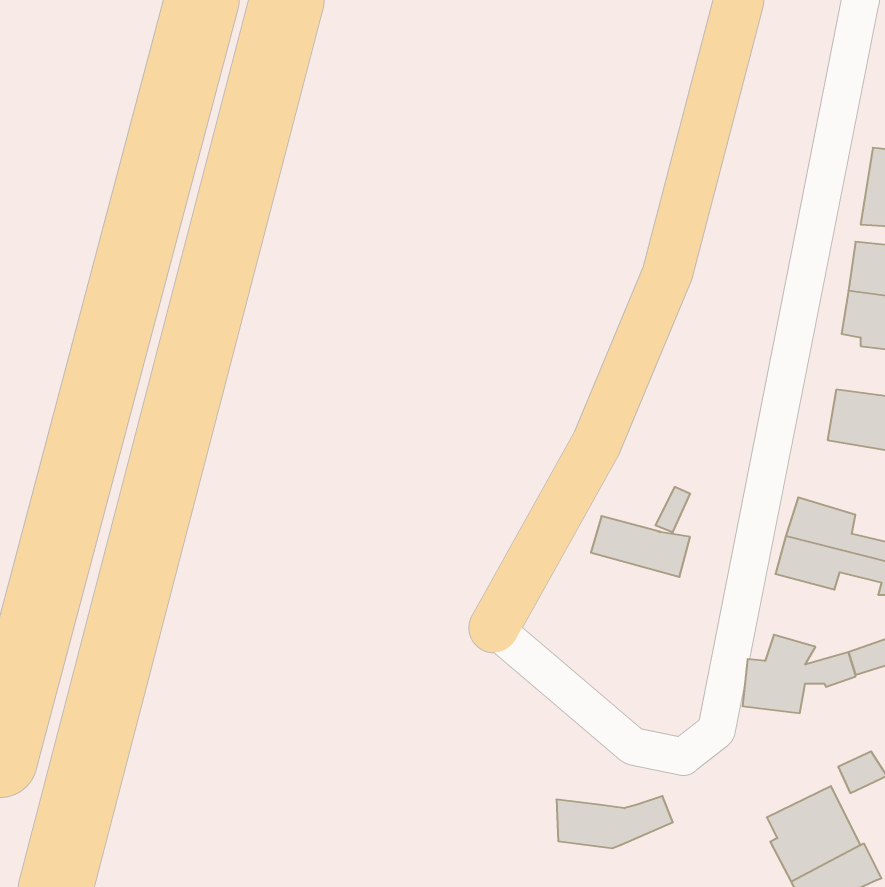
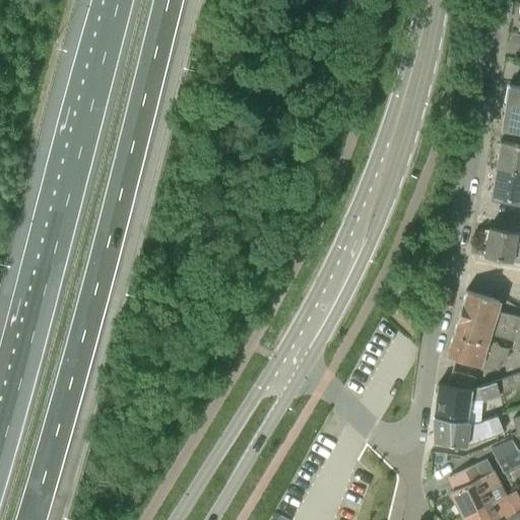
building: [591,516,690,577] -> [449,336,507,372]
building: [556,796,673,848] -> [436,416,504,447]

